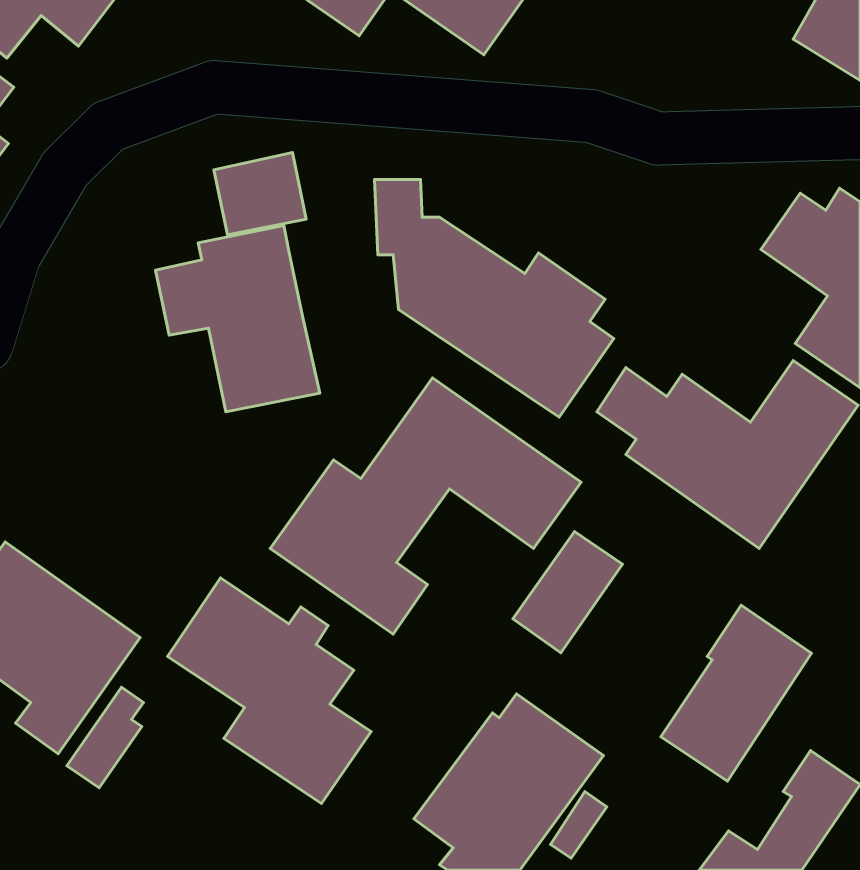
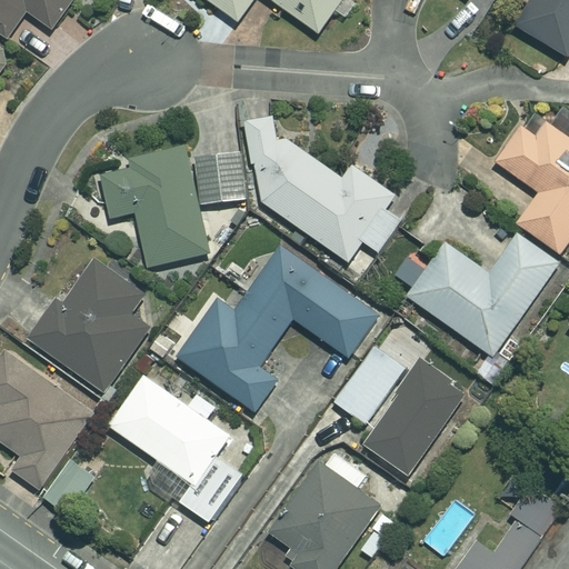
building: [214,153,306,235] -> [188,152,248,206]
building: none -> [27,260,162,392]
building: [661,605,811,781] -> [366,360,463,475]

